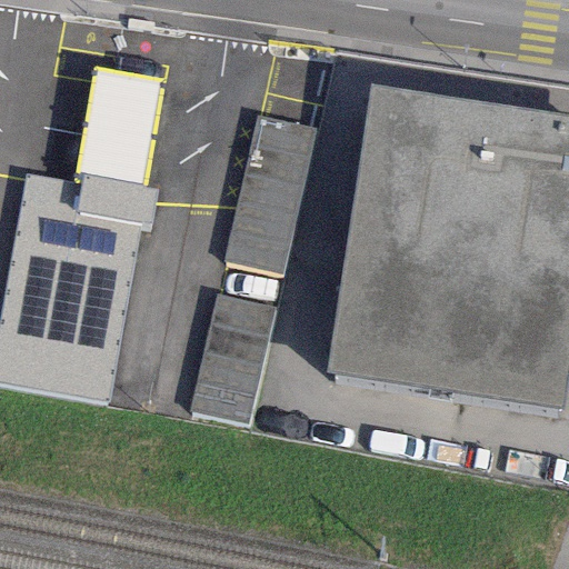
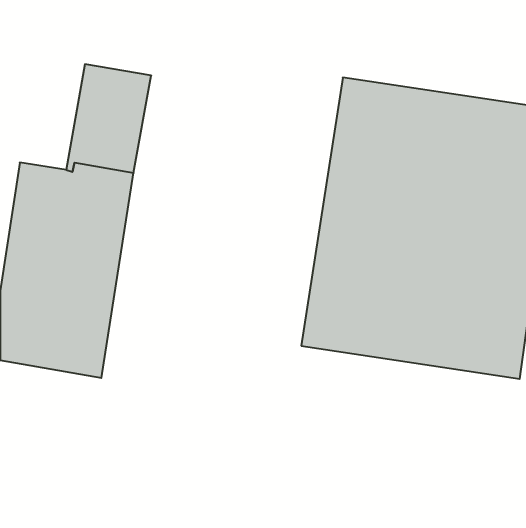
building: [224,116,317,274] -> none
building: [190,293,277,427] -> none

